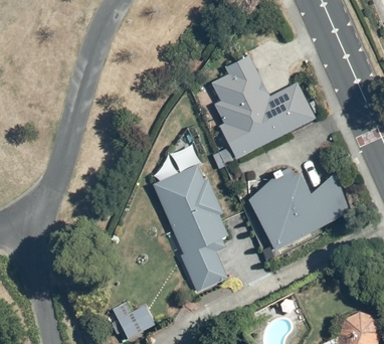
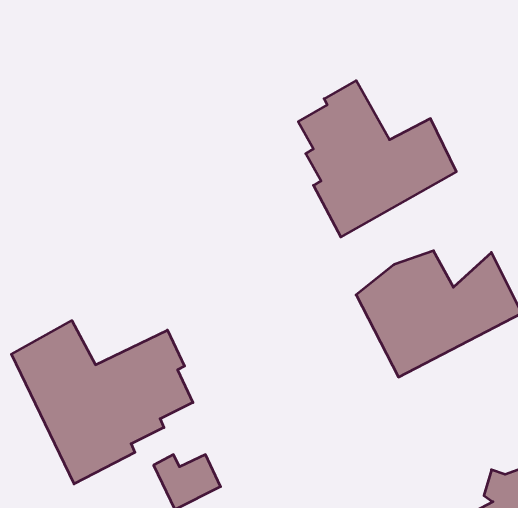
building: [152,163,228,293] -> none
building: none -> [11,321,193,484]

